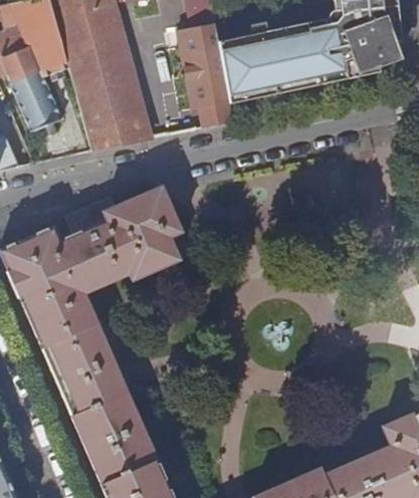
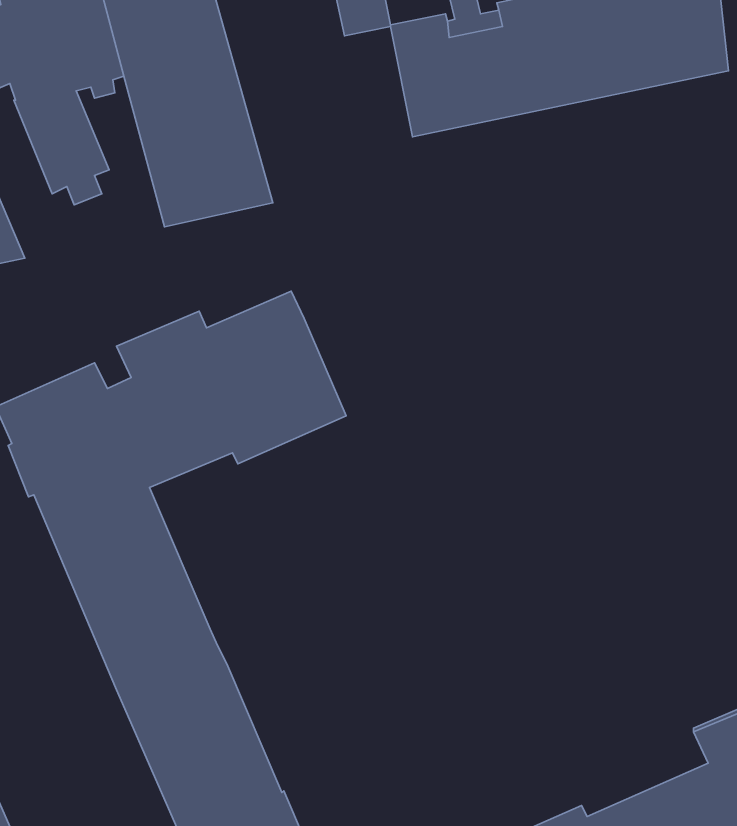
building: [191,40,231,126] -> none

